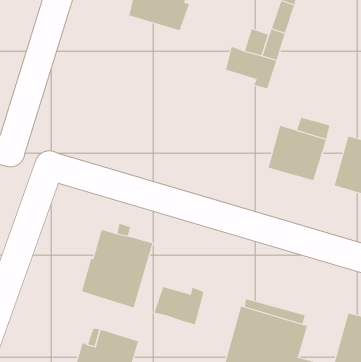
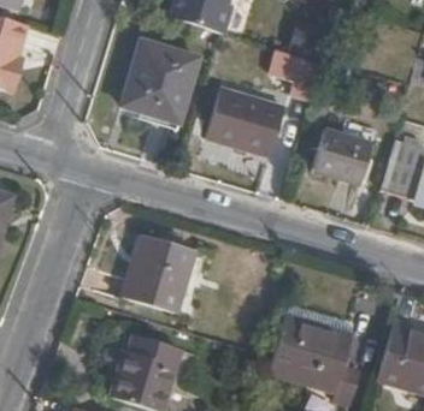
building: none -> [122,41,199,123]
building: none -> [205,87,283,157]
building: [154,286,204,325] -> none

